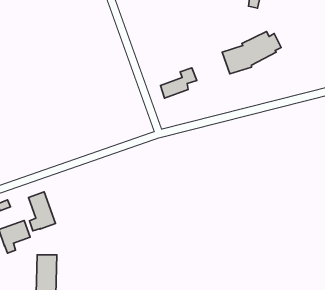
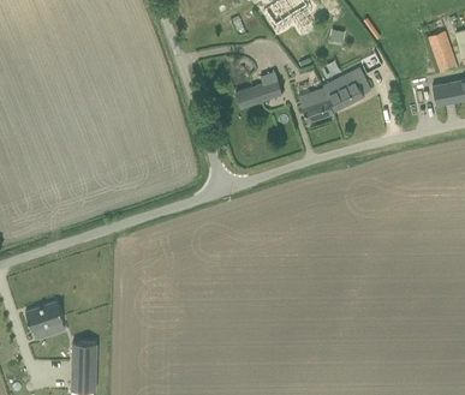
building: [160,68,197,98] -> [236,71,280,108]
building: [28,192,55,231] -> none

